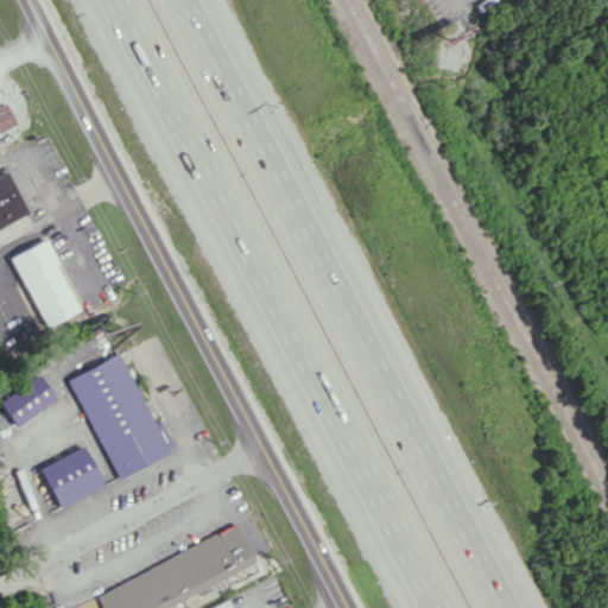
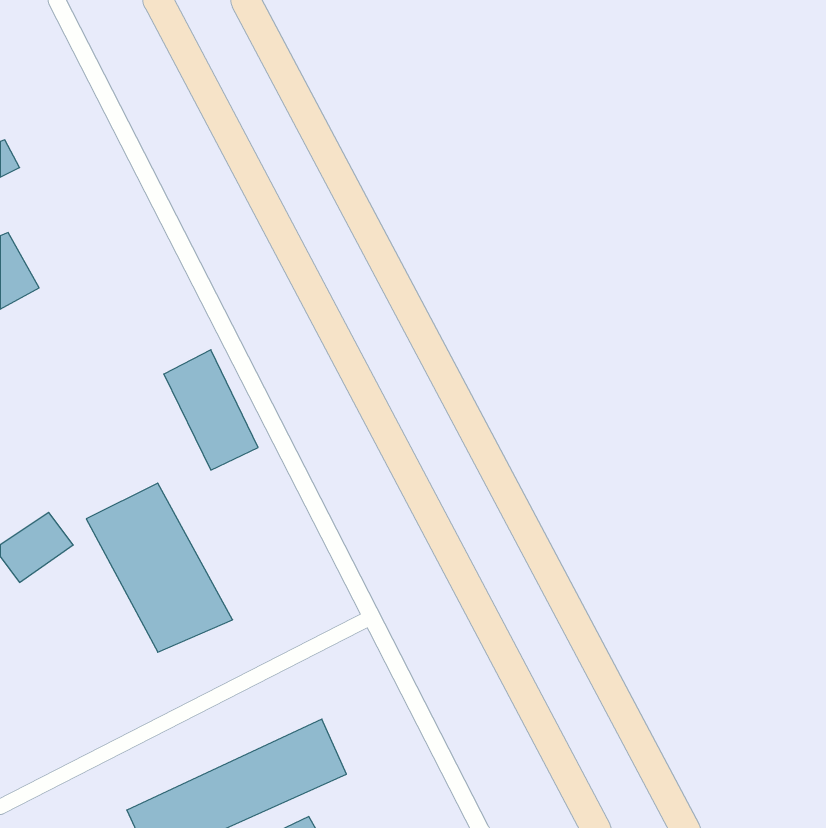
building: [12,241,81,329] -> [164,350,258,470]
building: [40,446,103,508] -> none

